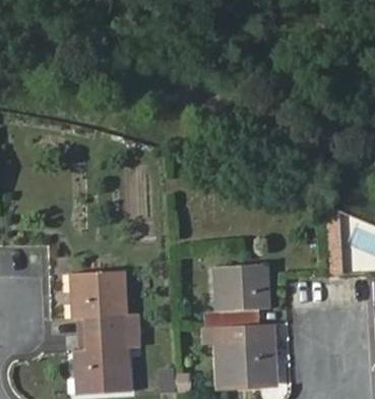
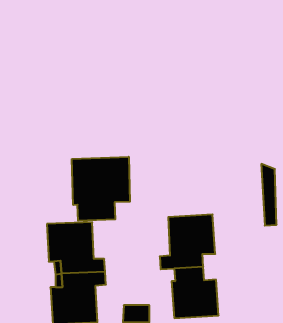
building: none -> [72,157,130,221]

